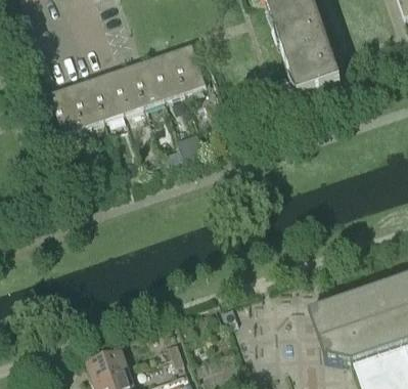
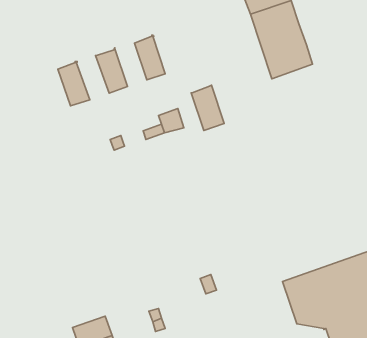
building: [171,43,206,91] -> [191,85,224,130]
building: [131,57,165,104] -> none
building: [90,71,125,119] -> none
building: [49,85,84,132] -> none

